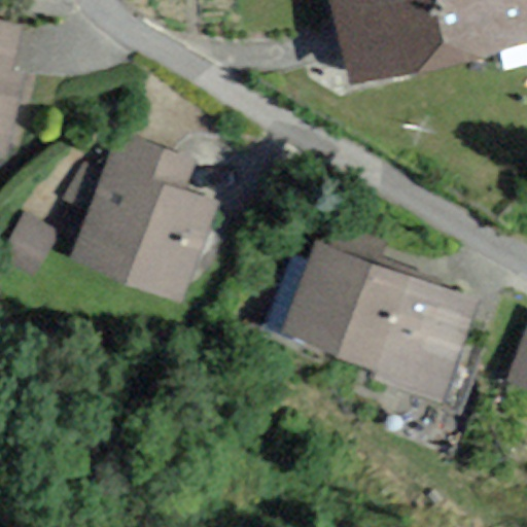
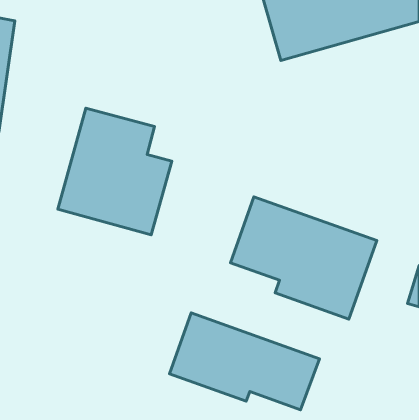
building: none -> [170,313,319,410]

